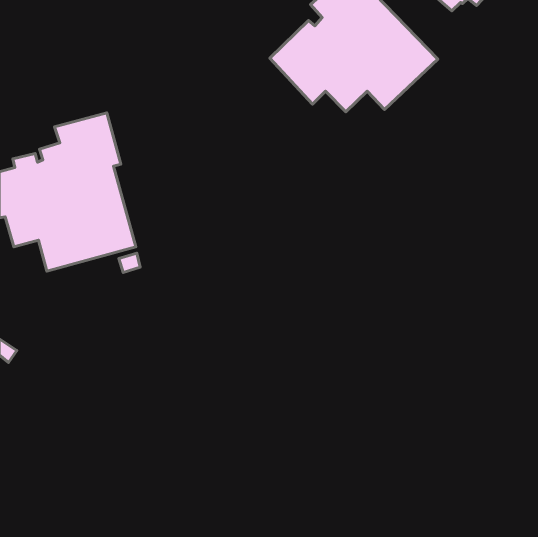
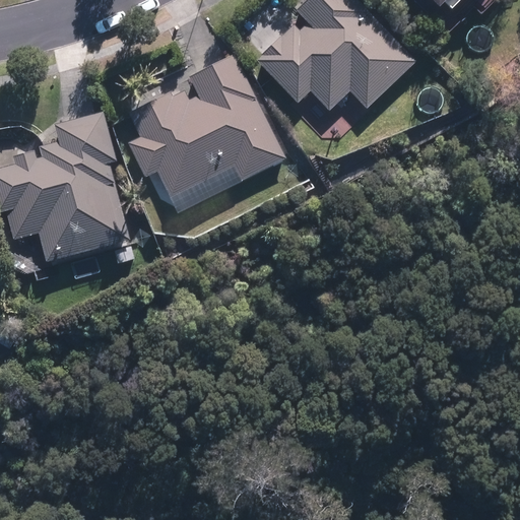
building: none -> [126,54,284,197]

